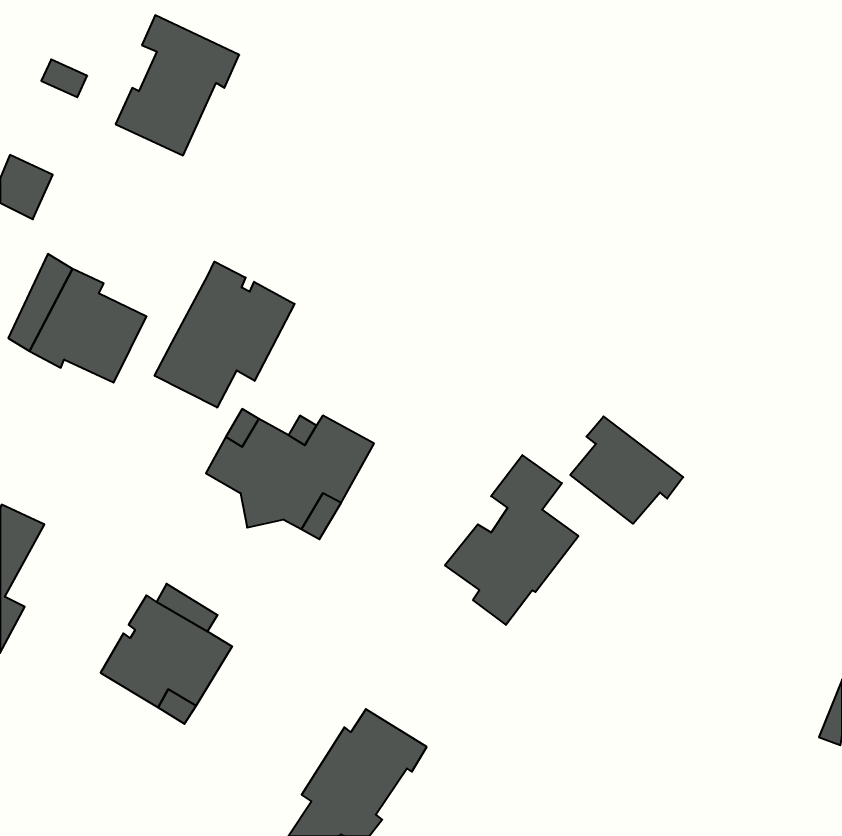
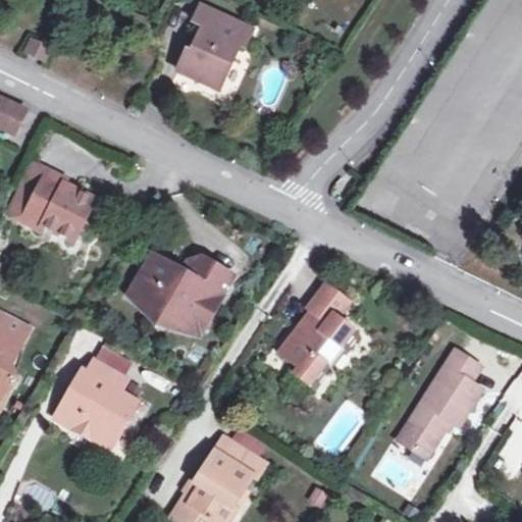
building: [116,15,239,155] -> [171,5,248,92]
building: [155,262,295,408] -> none
building: [570,416,683,524] -> none
building: none -> [397,348,481,457]

